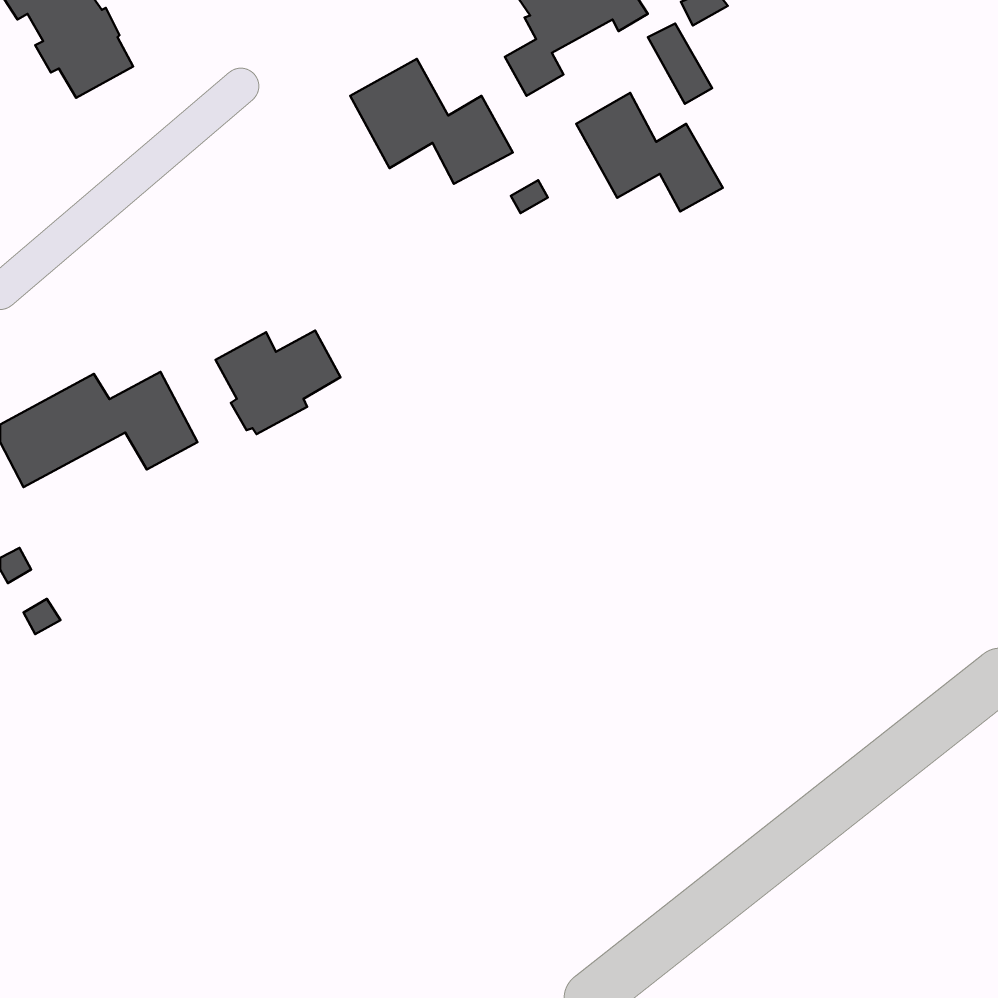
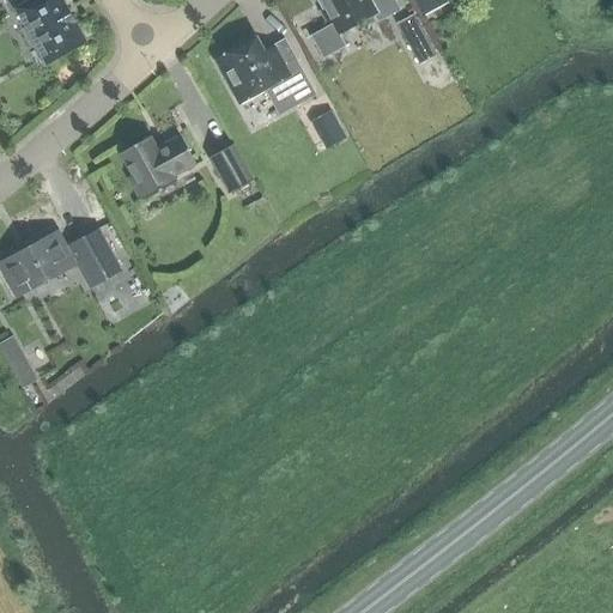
building: [576,93,723,212] -> none
building: none -> [208,144,254,193]
building: [215,330,341,434] -> [120,134,196,198]

